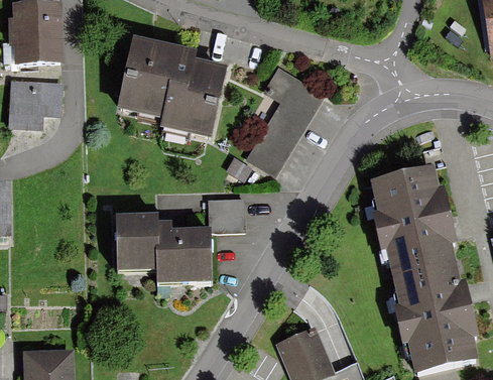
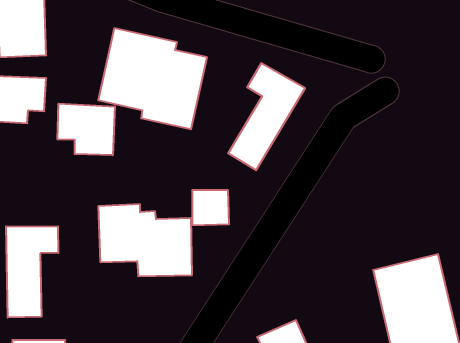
building: none -> [57,104,115,155]
building: [370,163,458,278] -> none
building: none -> [6,226,58,318]

